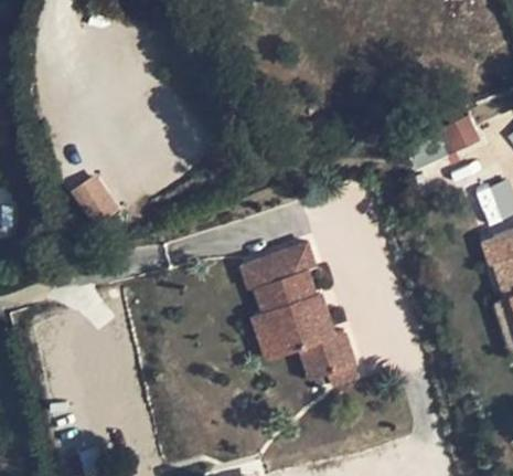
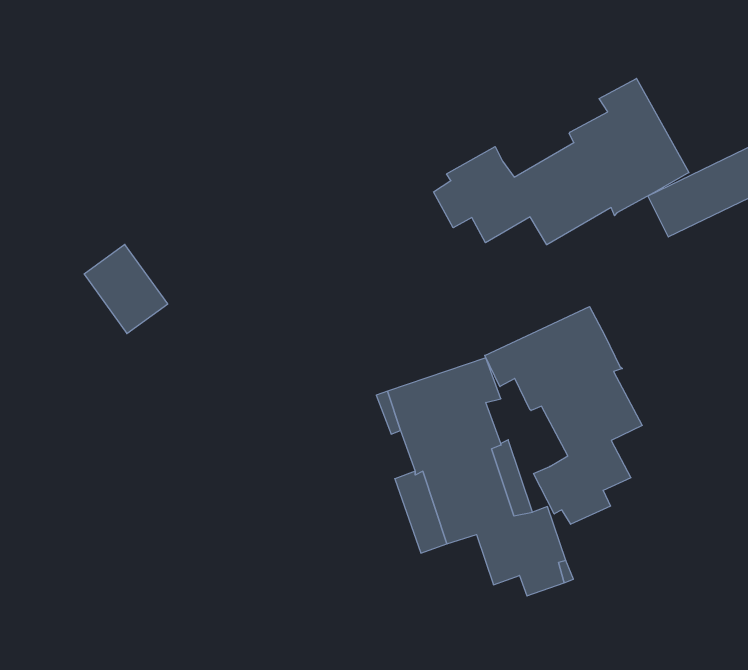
building: none -> [434,78,689,245]
building: none -> [485,307,642,524]

